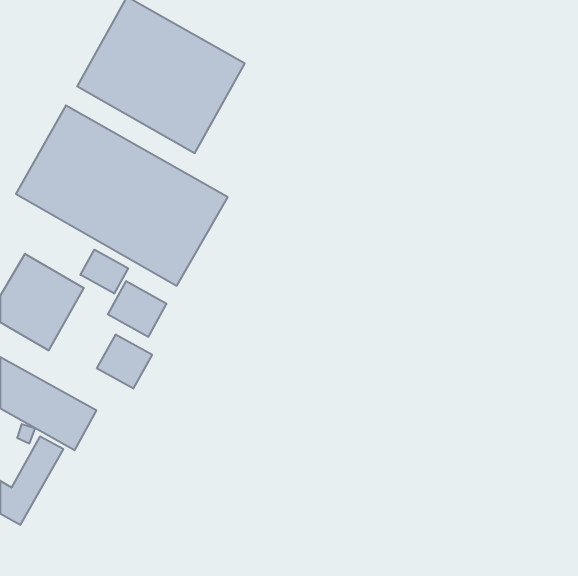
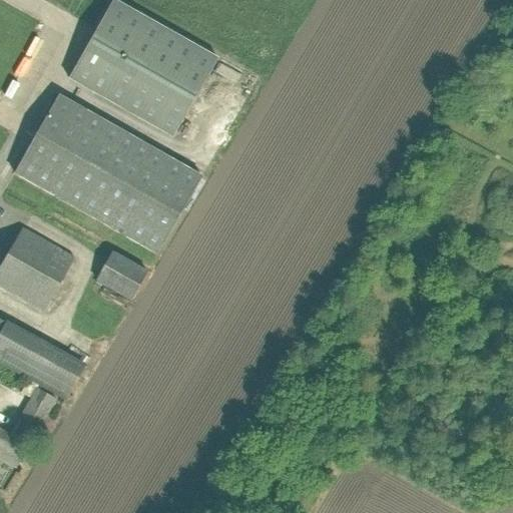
building: [80,250,128,294] -> none
building: [97,334,152,389] -> none

